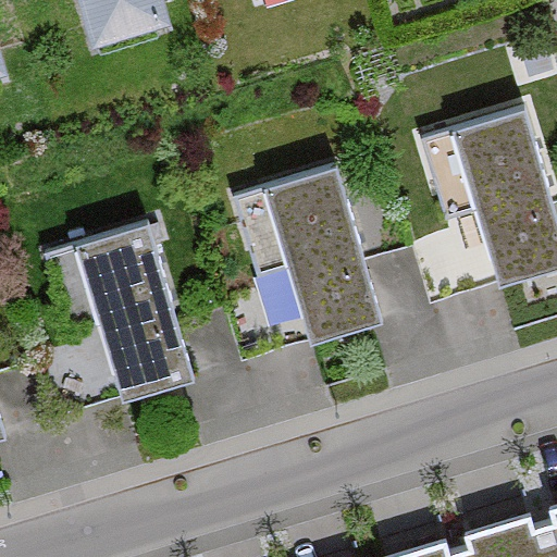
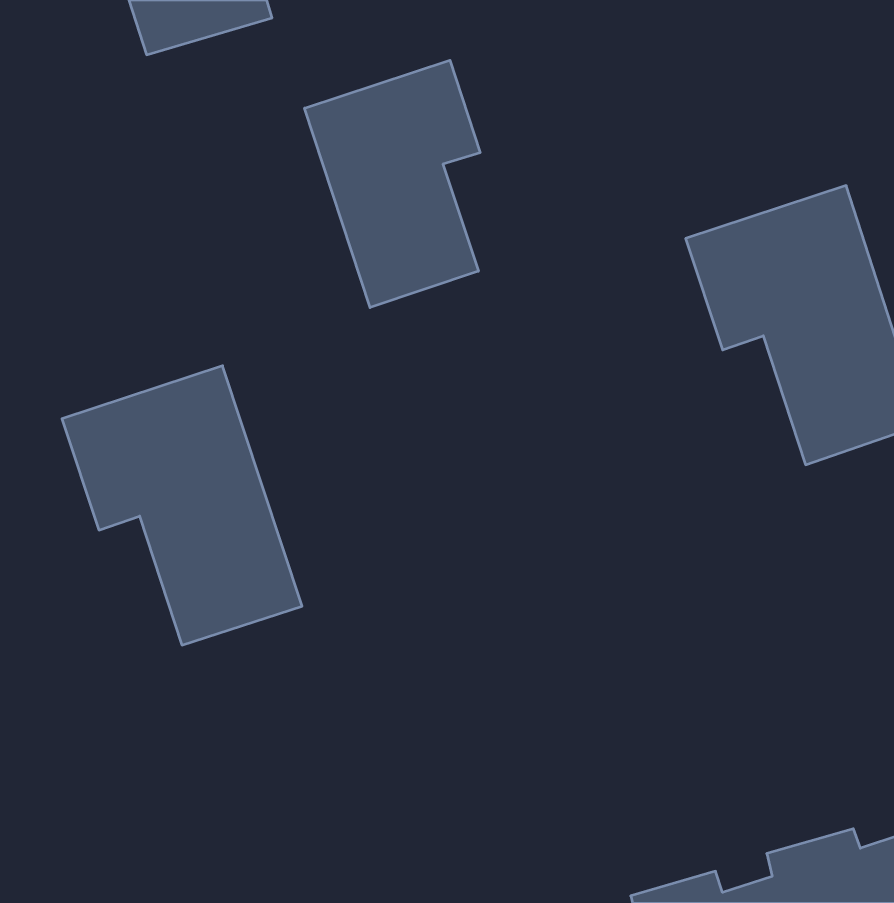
building: none -> [305,60,480,308]
building: [238,172,386,345] -> none

